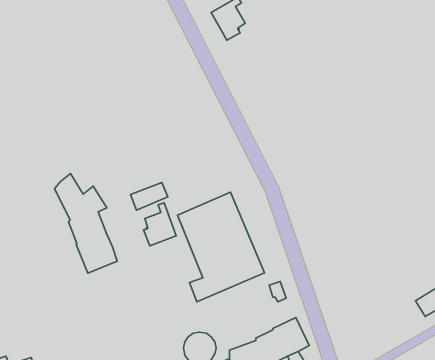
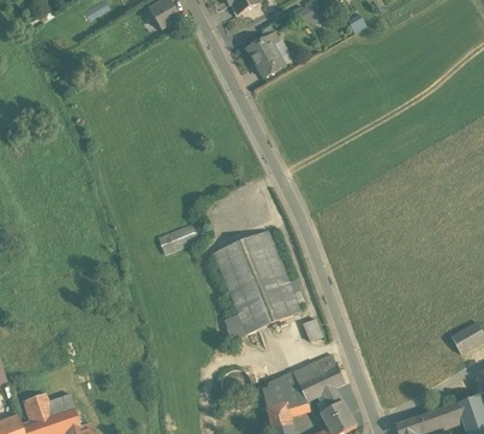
building: [55,174,117,273] -> none
building: [143,203,176,246] -> none

